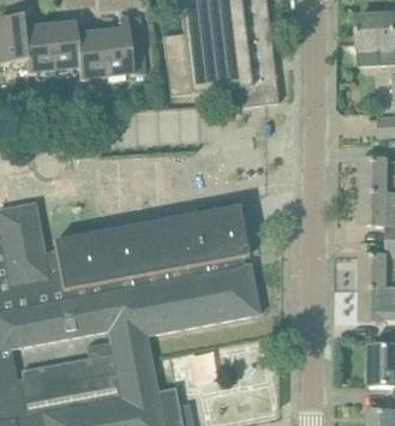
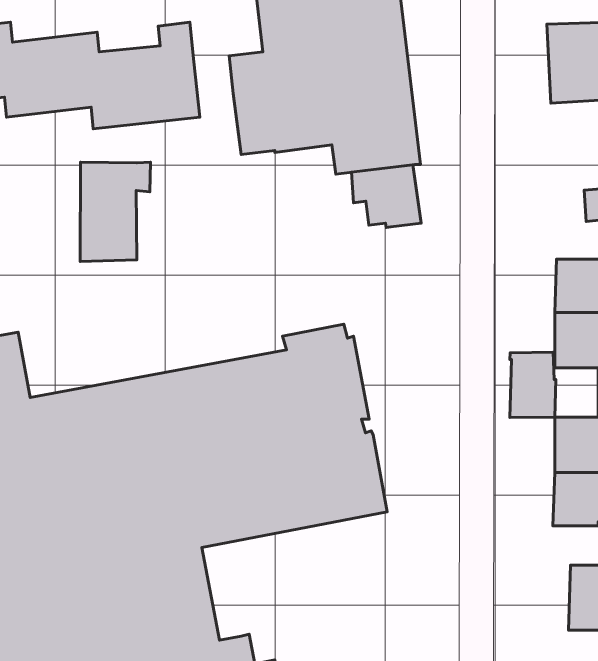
building: none -> [80,162,151,261]
building: none -> [351,165,421,227]
building: none -> [510,352,556,417]

